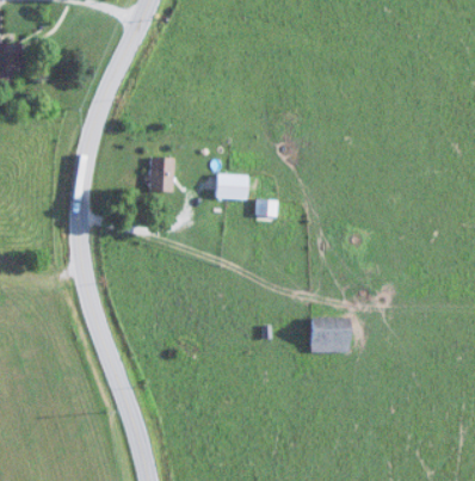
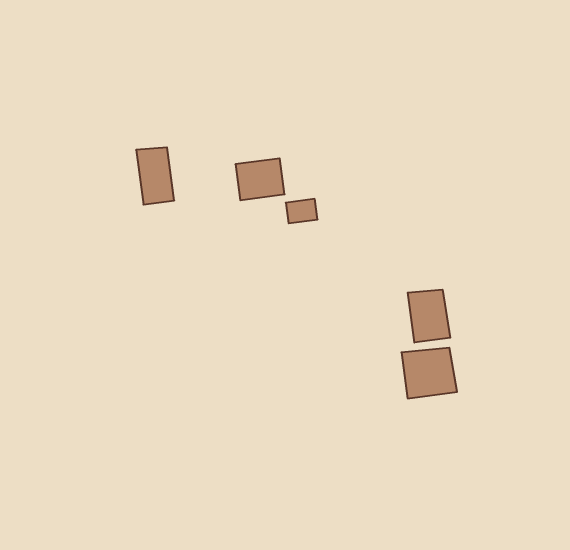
building: none -> [408,290,450,343]

